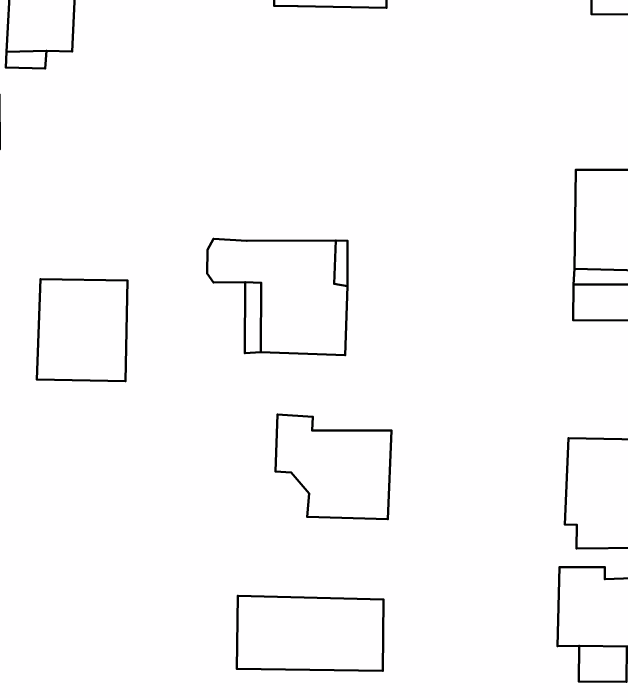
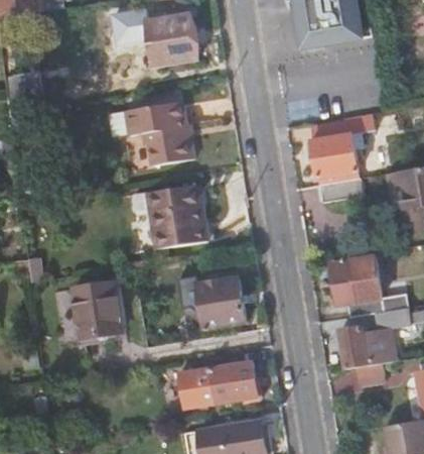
building: none -> [111,101,195,163]
building: [37,279,127,381] -> [72,279,124,338]

